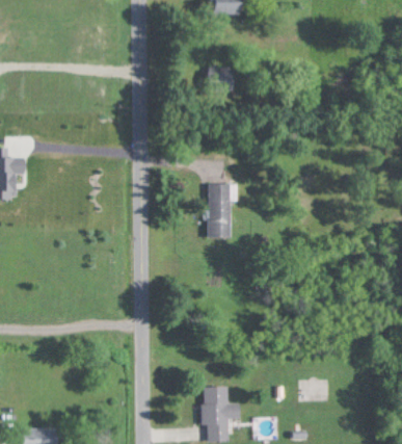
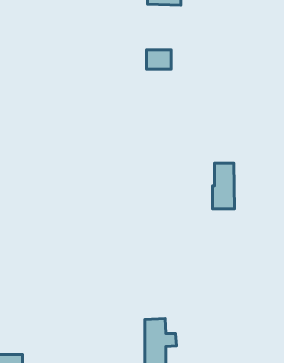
building: [207,184,233,238] -> [213,163,235,209]

